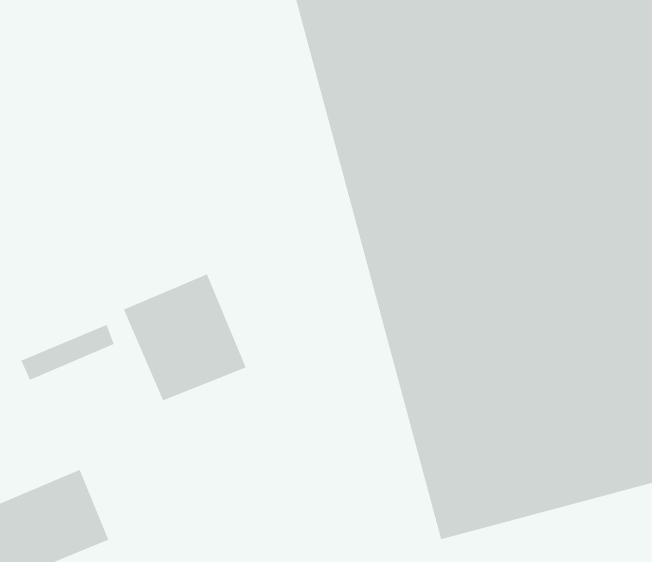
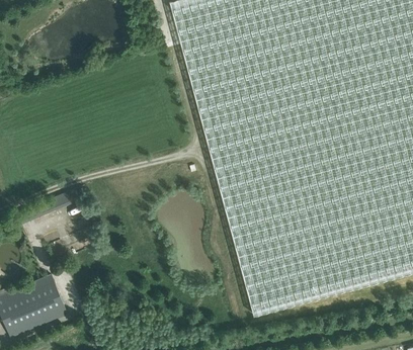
building: [123,274,246,401] -> none

